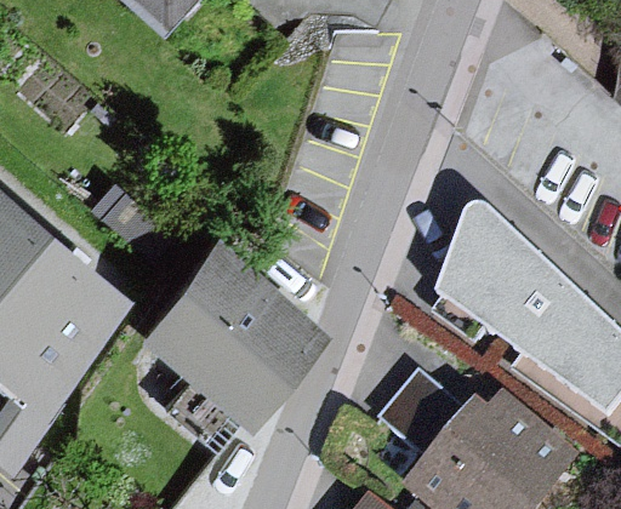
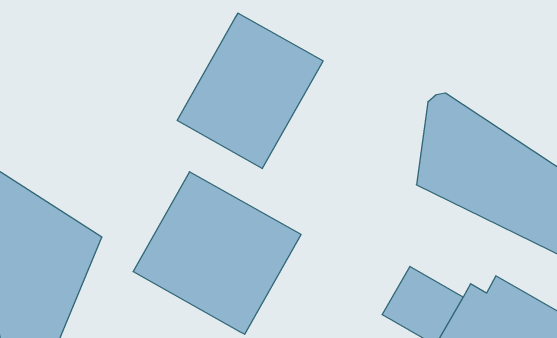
building: none -> [177,13,323,169]

